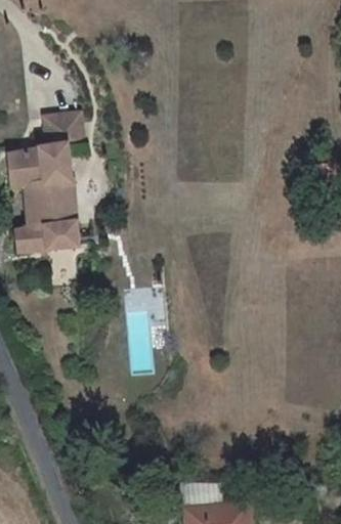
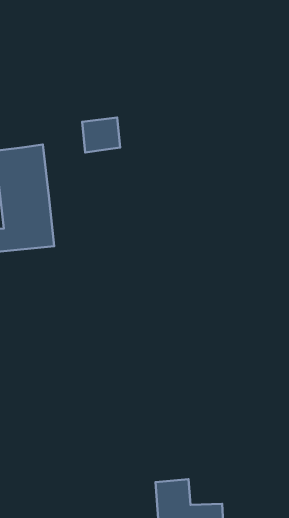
building: [44,114,82,148] -> [82,118,120,153]

